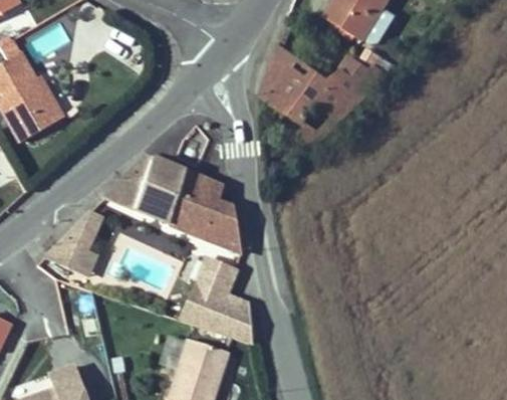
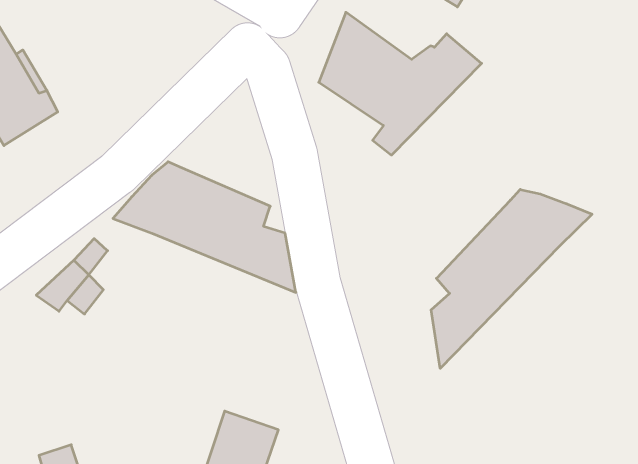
building: none -> [431,189,592,368]
building: [182,260,251,344] -> none

